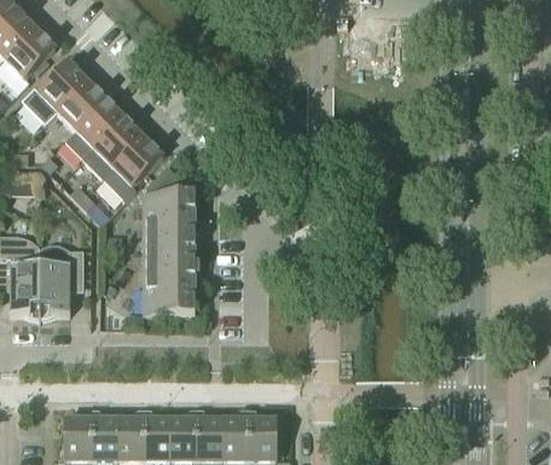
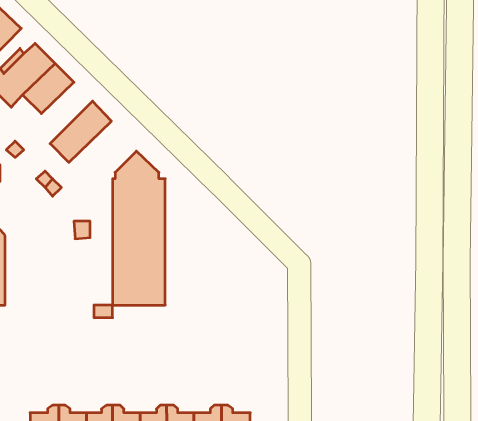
building: [66,100,126,159] -> none
building: [103,138,164,200] -> none
building: [41,245,85,315] -> none

